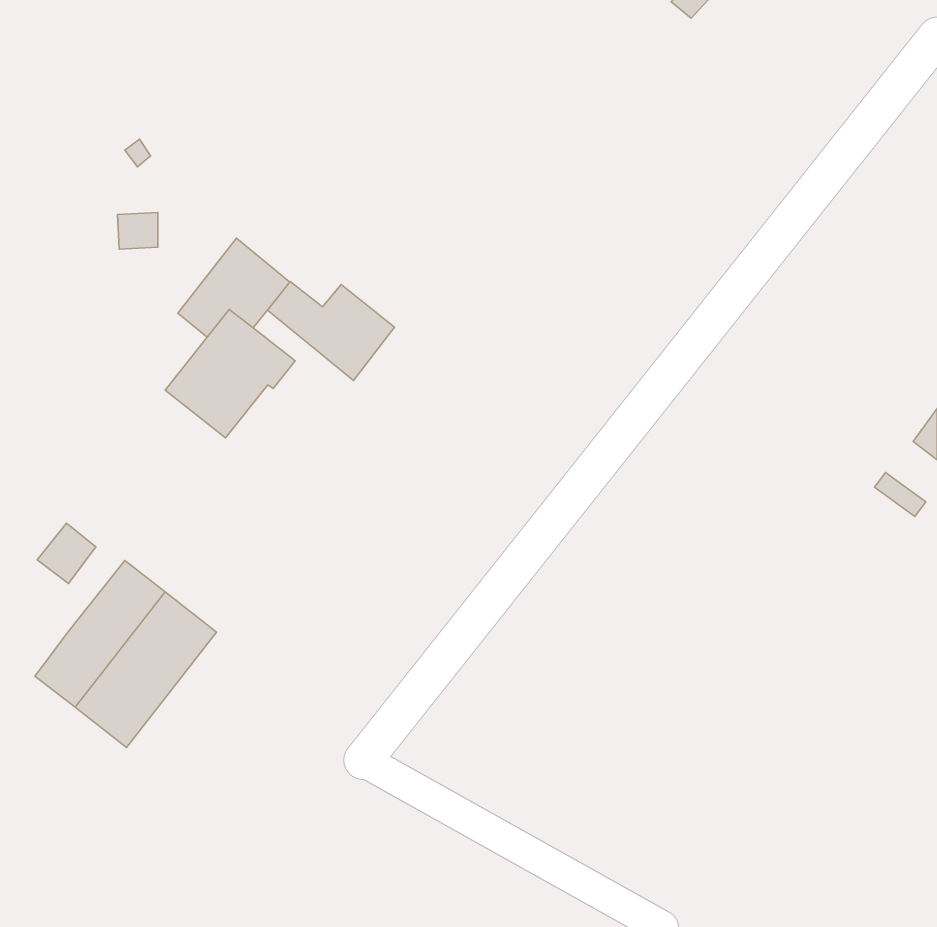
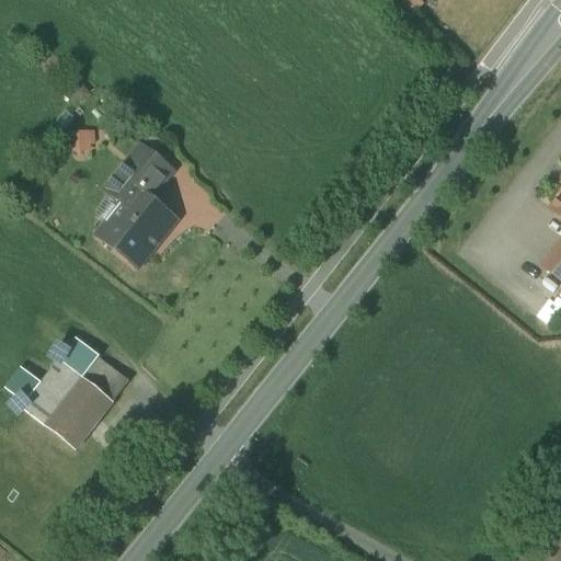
building: [268,281,394,380] -> none
building: [37,523,96,584] -> [5,364,41,400]

